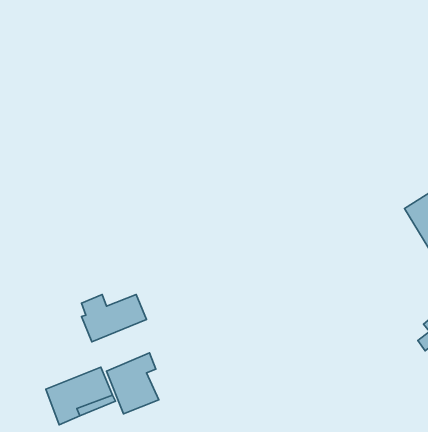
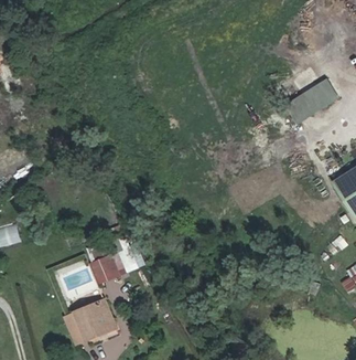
building: none -> [284,78,338,125]
building: [106,353,159,414] -> none

